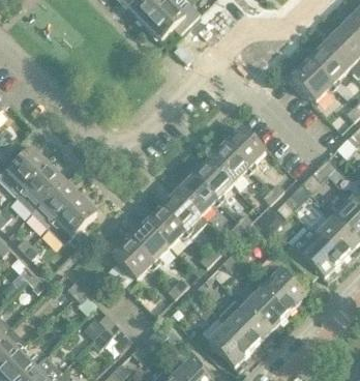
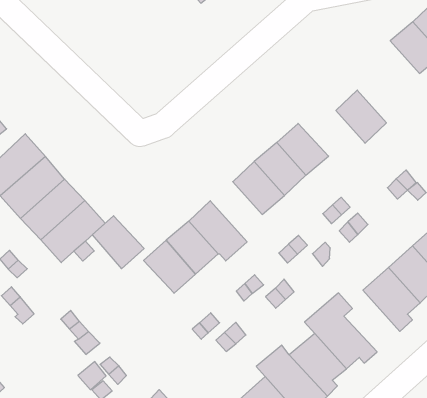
building: [292,59,331,99] -> [336,90,386,143]
building: [176,174,216,214] -> none
building: [112,238,152,279] -> [92,216,144,269]

